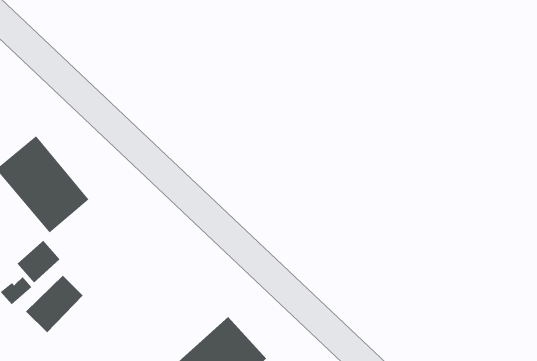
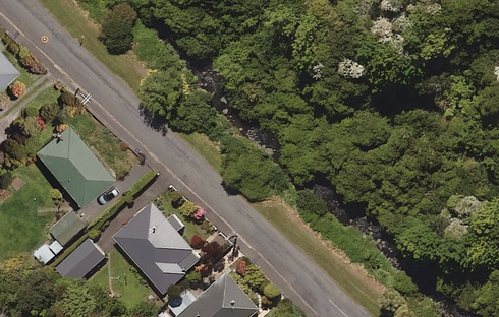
building: none -> [113,203,202,294]

